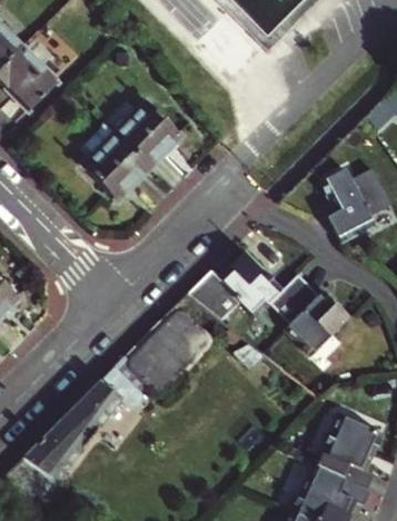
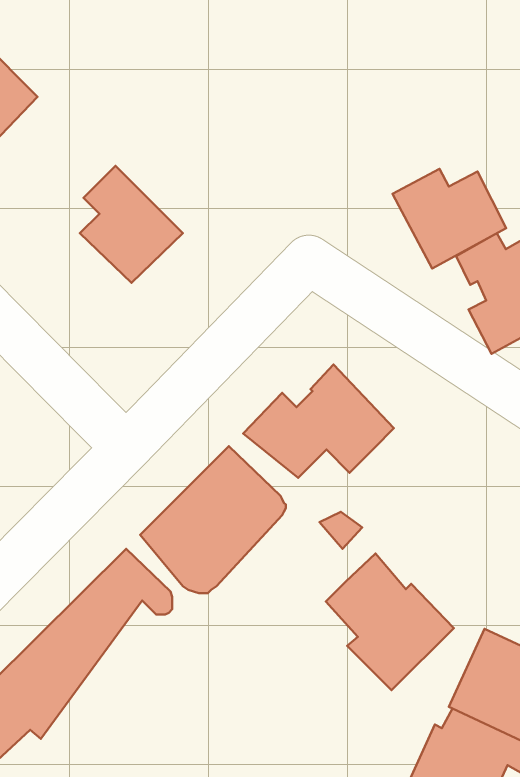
building: [117,104,181,168] -> none
building: none -> [393,169,506,269]
building: [269,273,349,358] -> [326,554,454,690]

